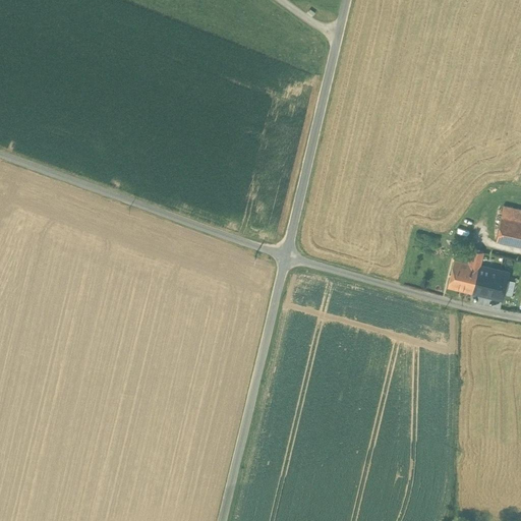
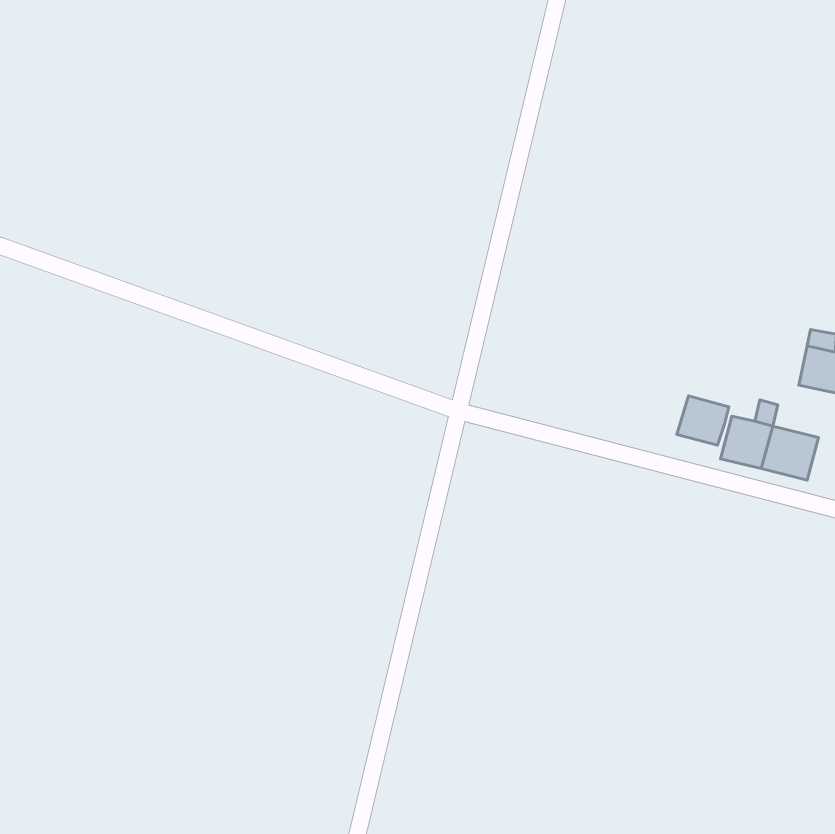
building: none -> [677,396,729,445]

